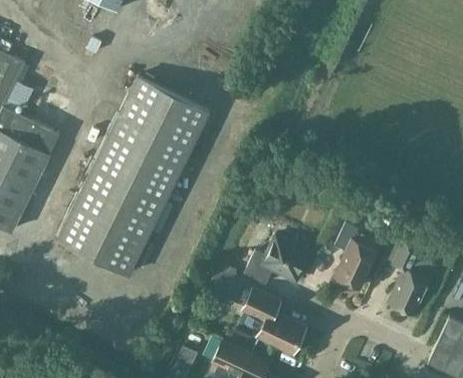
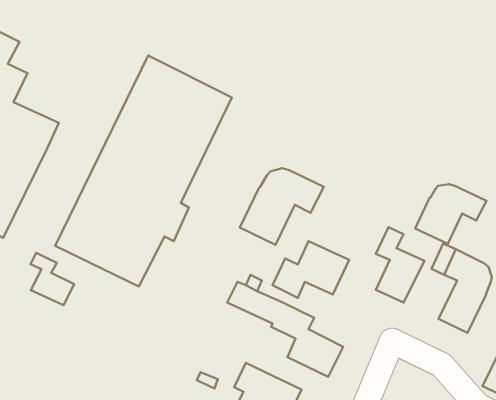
building: none -> [240,168,324,245]
building: none -> [415,184,486,244]
building: none -> [31,253,74,305]

